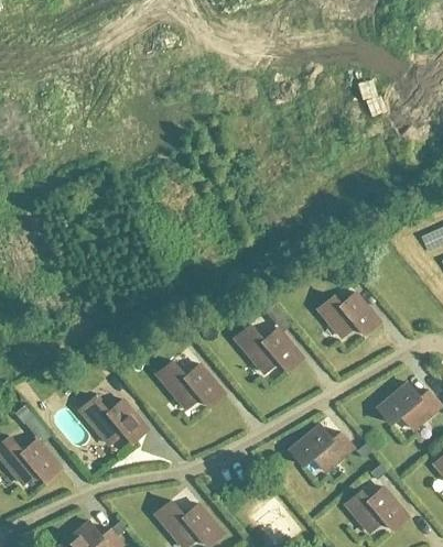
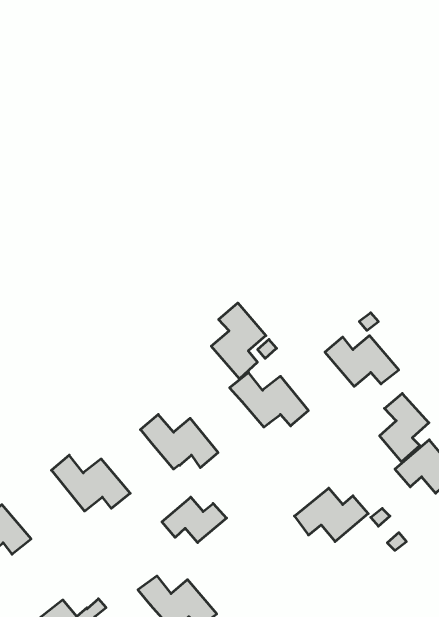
building: none -> [211,303,266,379]
building: none -> [380,393,429,462]
building: none -> [162,497,227,543]
building: [344,488,408,532] -> none

